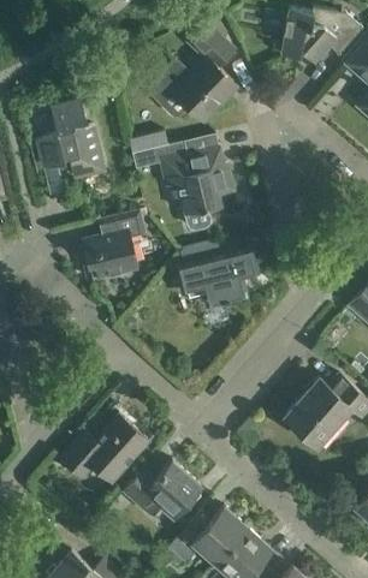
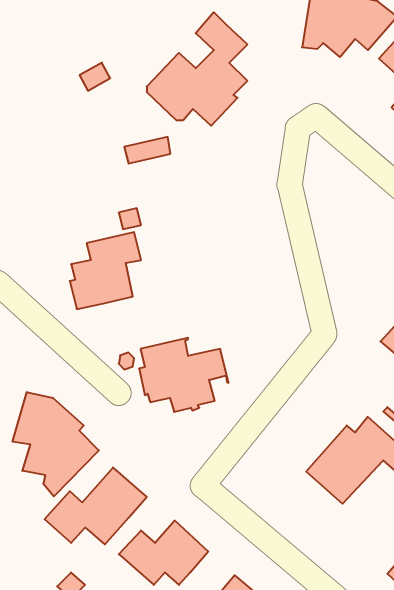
building: [37,105,103,178] -> none
building: [160,148,235,230] -> none
building: [179,242,256,305] -> [139,338,229,412]
building: none -> [13,392,99,496]

